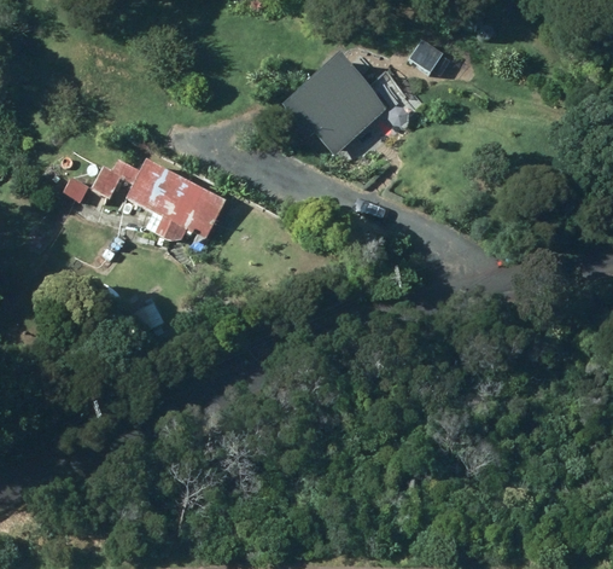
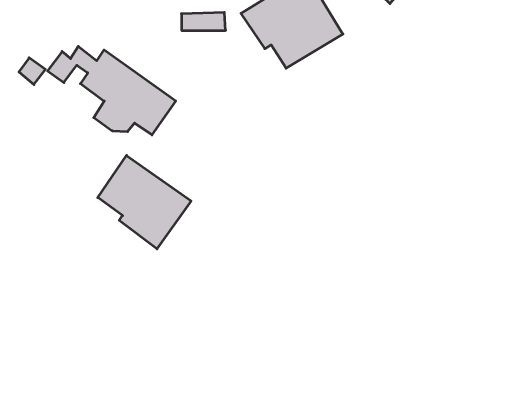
building: none -> [98,155,191,249]

